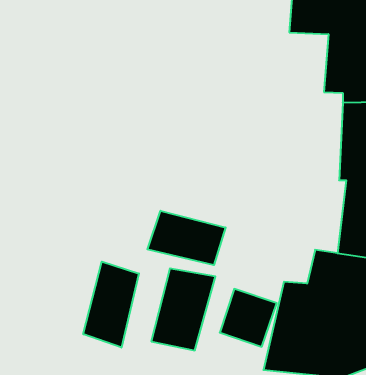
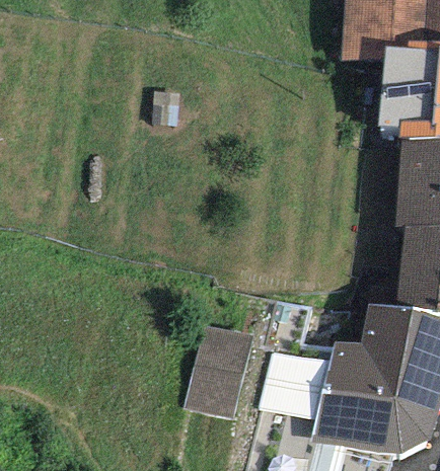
building: [147,211,226,265] -> none
building: [83,262,139,348] -> none

